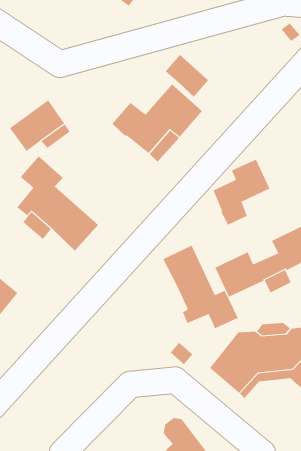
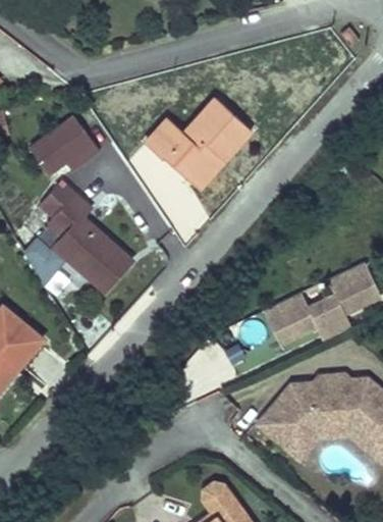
building: [165,54,209,98] -> none
building: [213,159,270,225] -> none
building: [162,245,238,329] -> none

